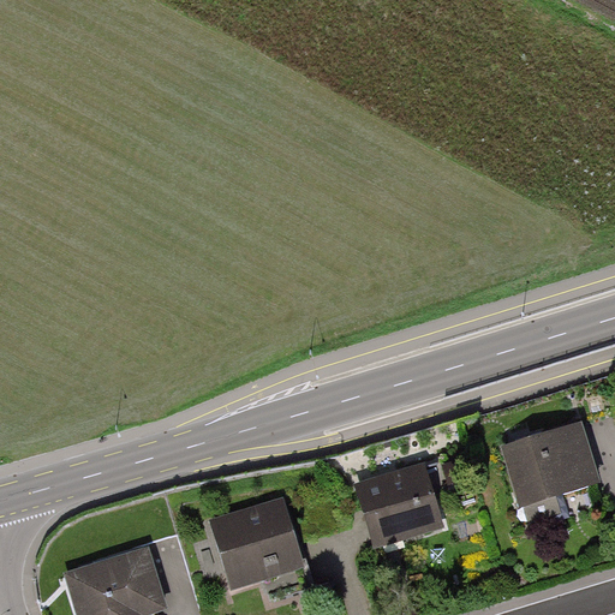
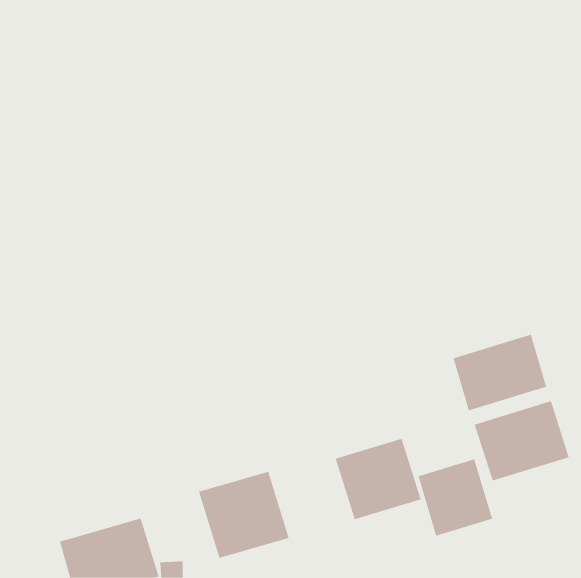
building: none -> [453,334,547,411]
building: none -> [418,458,493,537]

